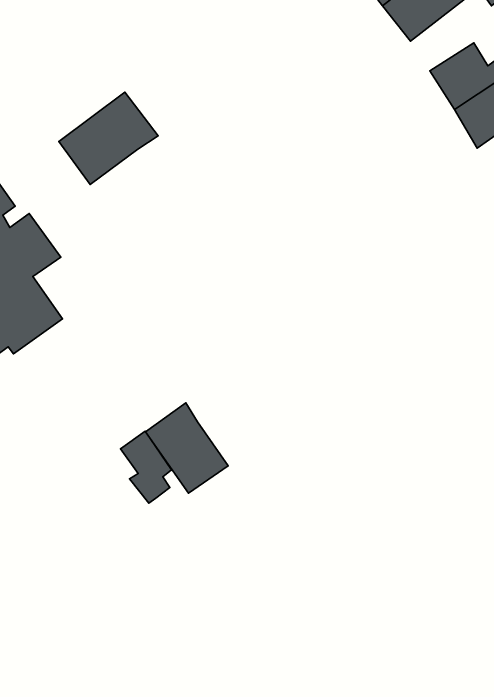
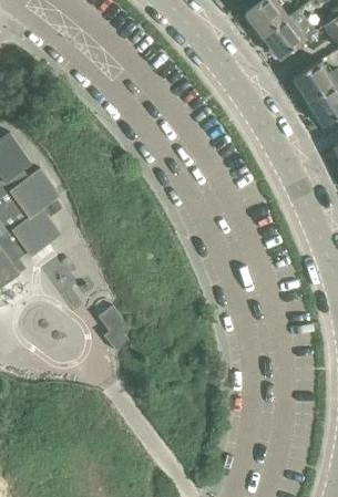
building: [59,92,158,185] -> none
building: [145,403,228,493] -> none

